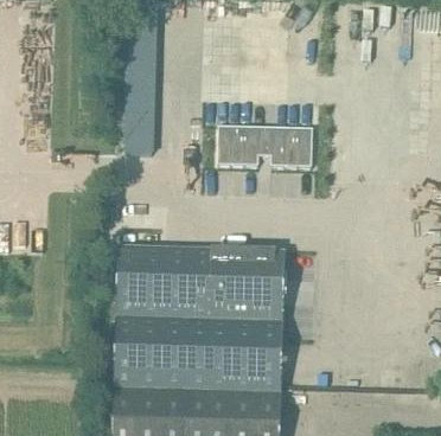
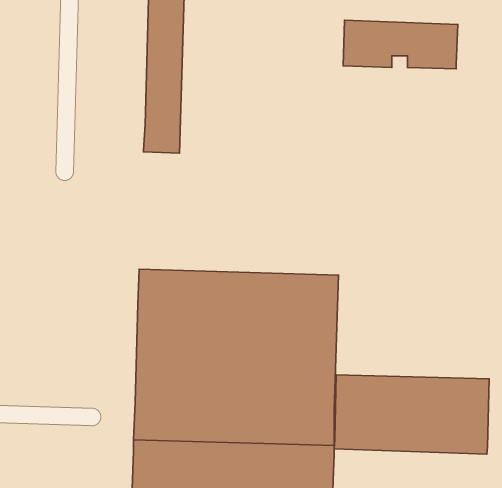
building: [216,124,311,165] -> [343,20,458,69]
building: none -> [334,375,489,454]

